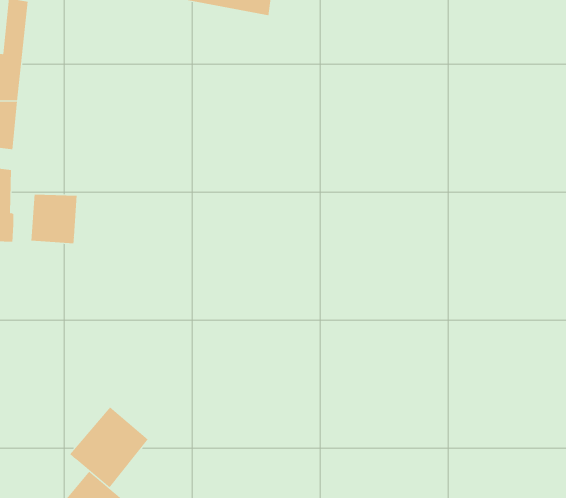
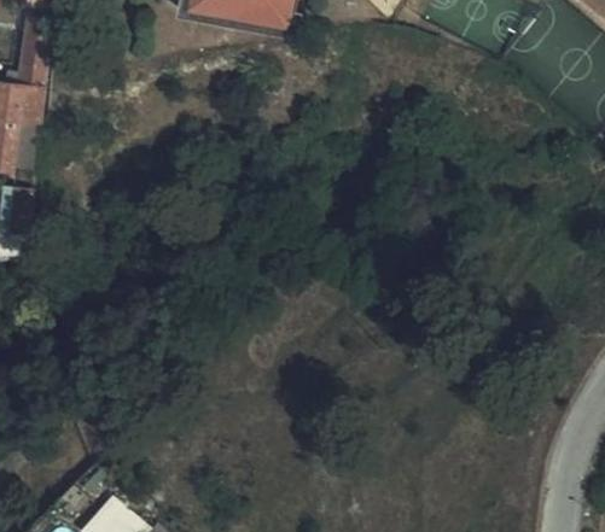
building: [31,194,77,244] -> none
building: [70,406,148,488] -> none

